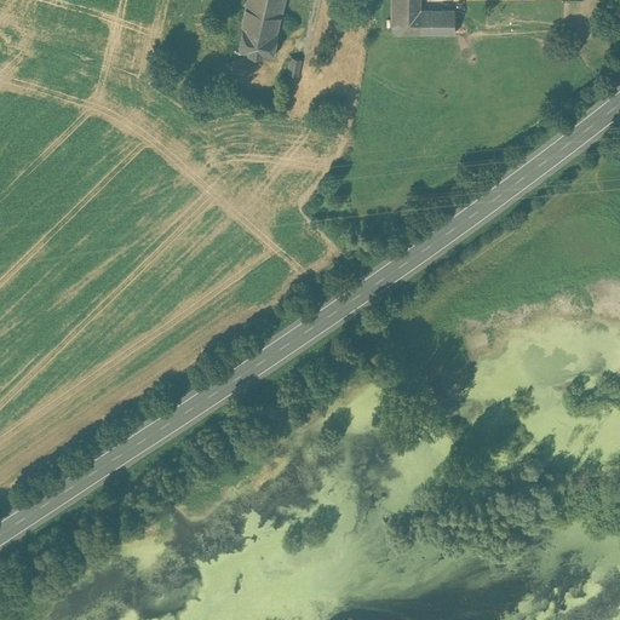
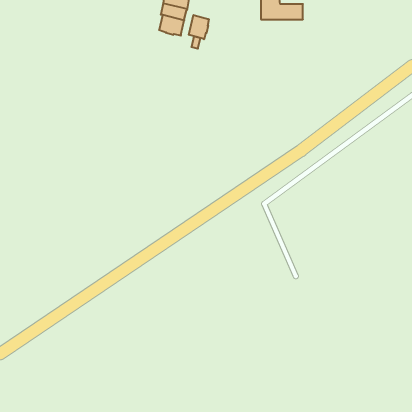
building: none -> [189,15,209,39]

